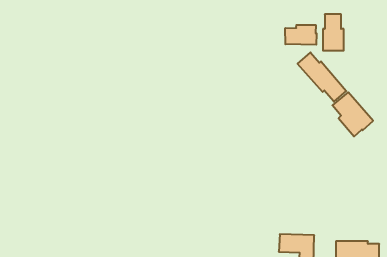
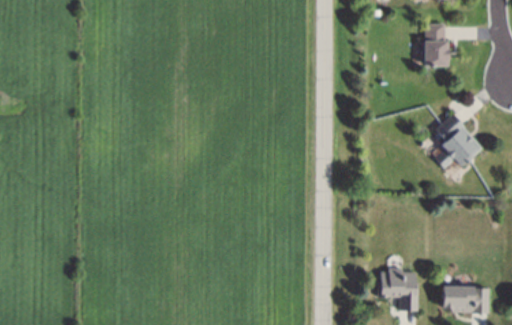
building: [285,25,317,45] -> none
building: [298,52,346,102] -> none

